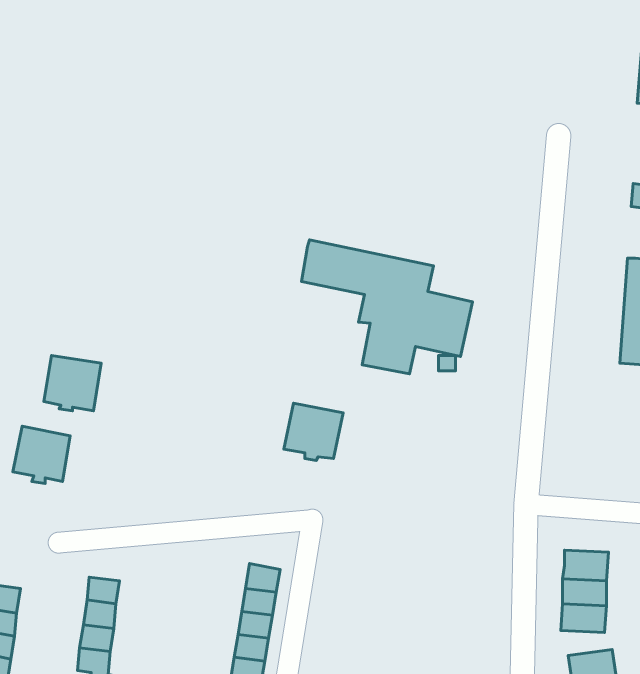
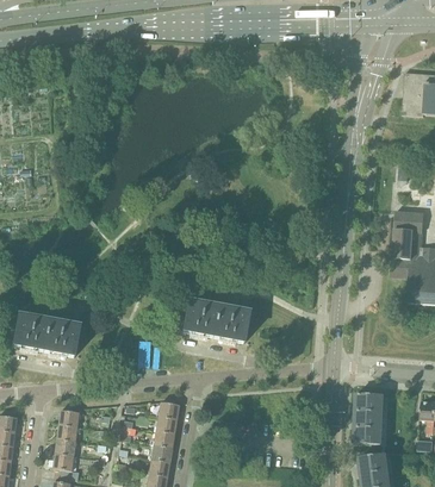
building: [301,240,473,374] -> none
building: [44,356,101,411] -> [43,321,79,356]
building: none -> [212,307,249,342]

